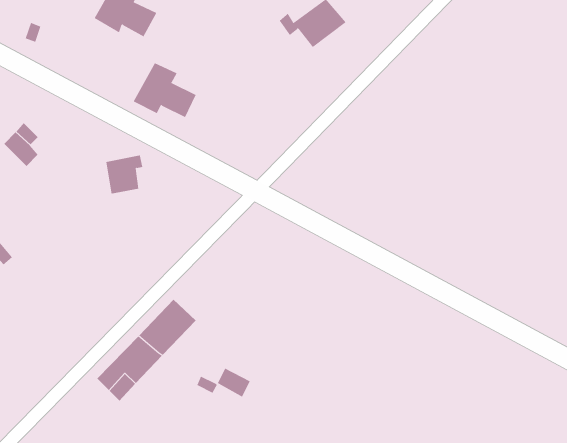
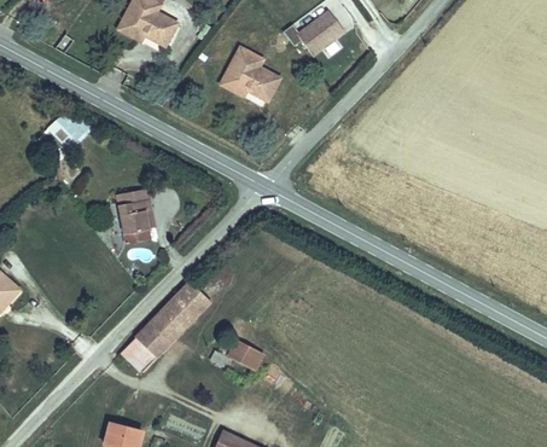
building: [133,62,196,118] -> [223,48,280,98]
building: [105,155,143,194] -> [118,197,152,232]

